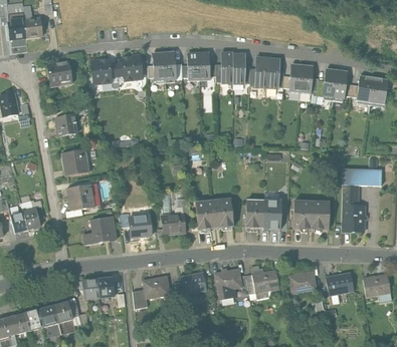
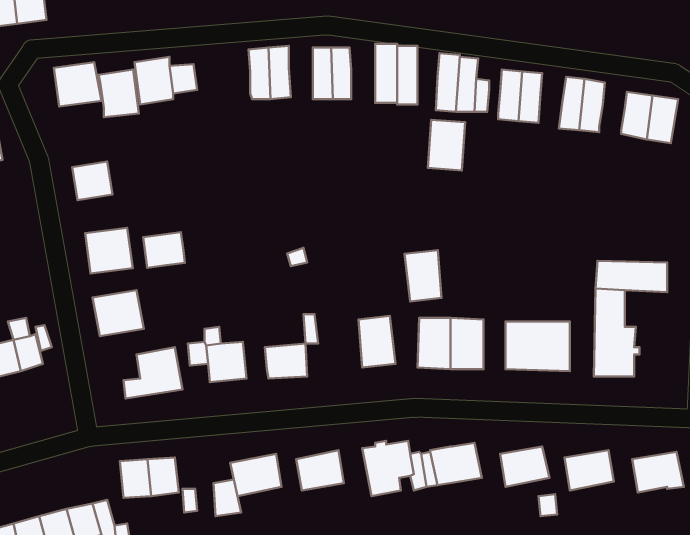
building: [122,55,144,81] -> [98,69,139,117]
building: none -> [428,120,465,170]
building: none -> [143,232,185,268]
building: [195,202,215,230] -> [405,250,441,302]

